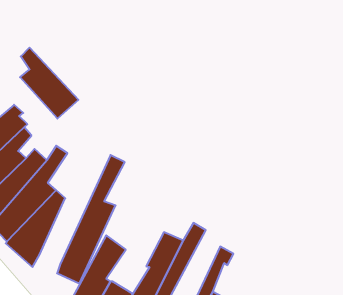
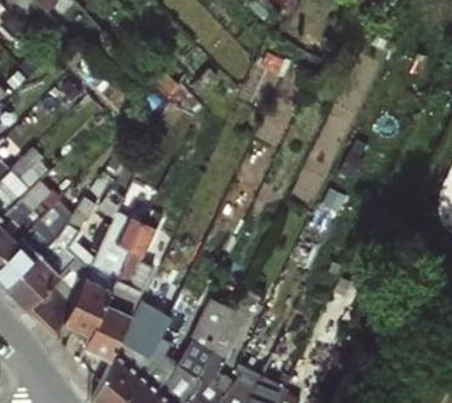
building: [20,48,78,119] -> none
building: none -> [63,203,146,336]

